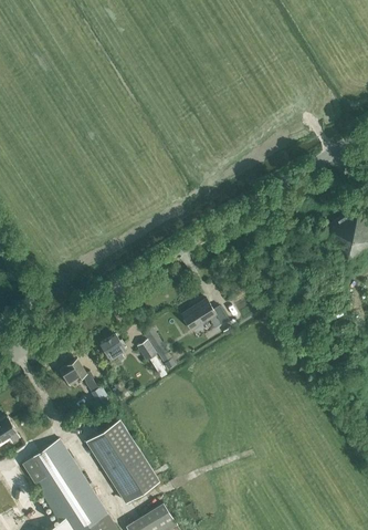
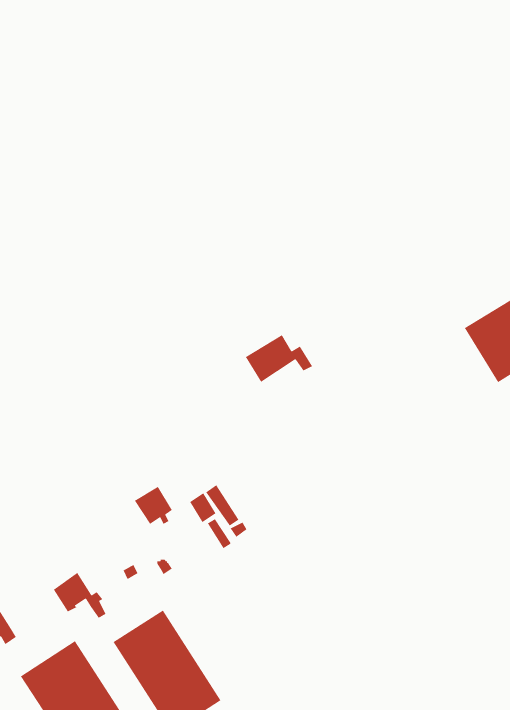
building: [181,299,228,332] -> [245,334,313,383]
building: [60,358,96,391] -> [53,572,107,619]

